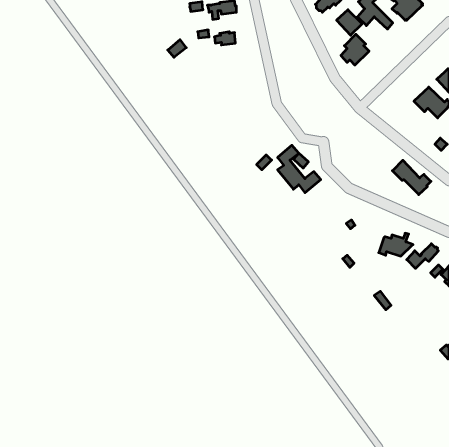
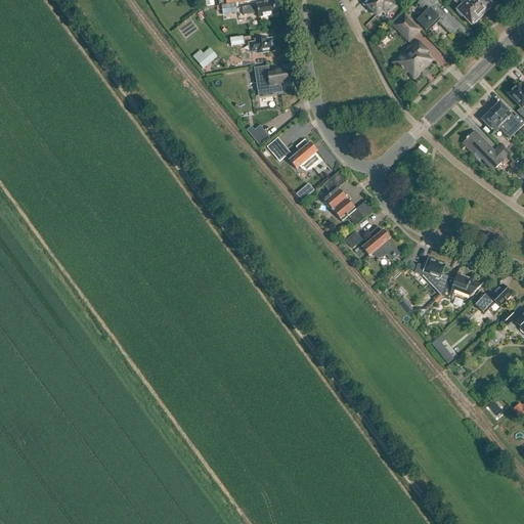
building: none -> [258,66,288,85]
building: none -> [272,138,331,170]
building: [392,160,431,195] -> [463,129,508,169]
building: none -> [346,225,403,258]
building: none -> [424,258,447,294]

